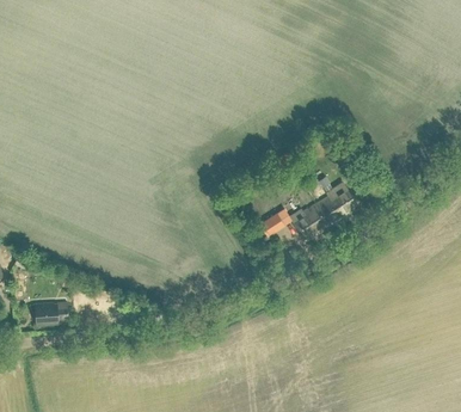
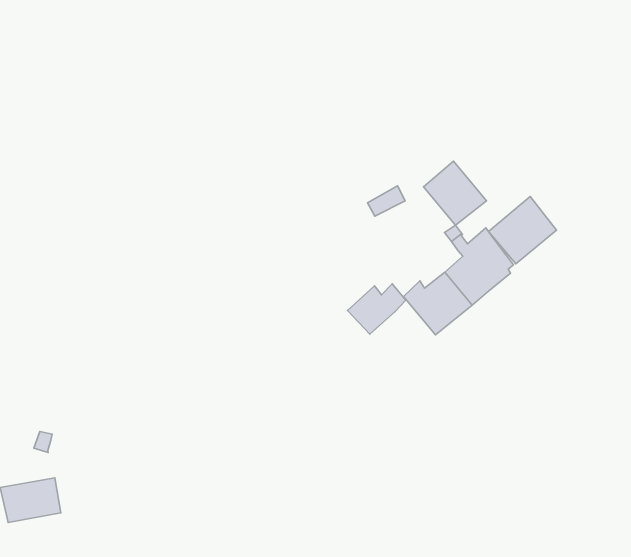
building: none -> [424,161,487,225]
building: none -> [488,197,556,264]

